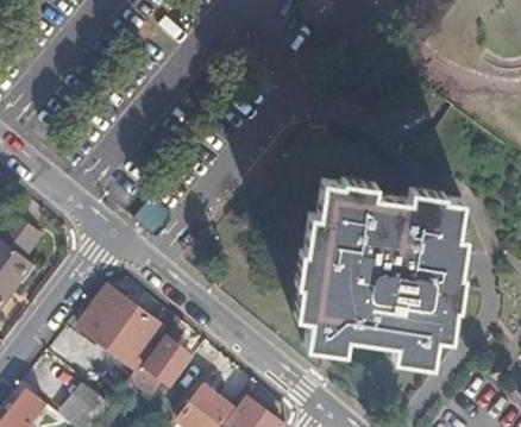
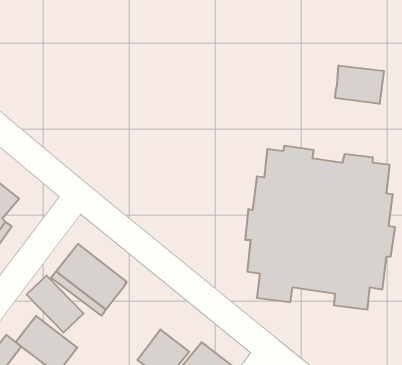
building: none -> [335,65,384,104]
building: [143,315,193,387] -> none

